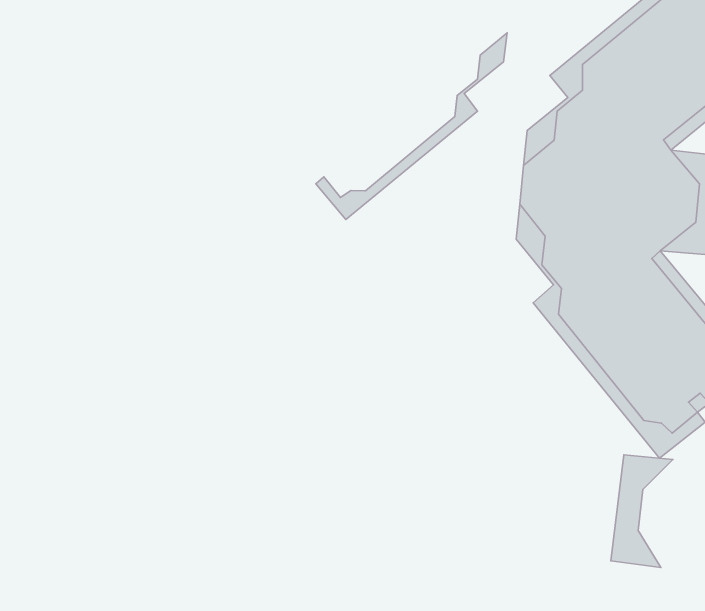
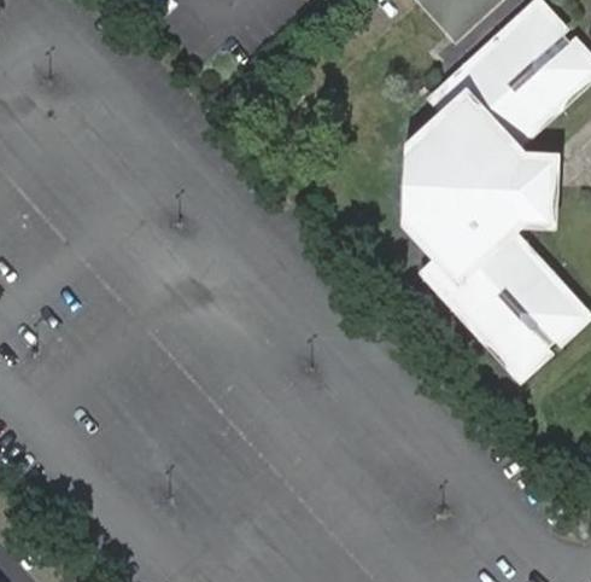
building: [316,33,507,219] -> none
building: [611,455,673,568] -> none

